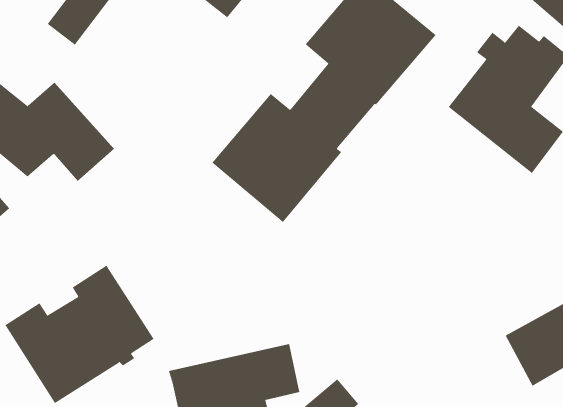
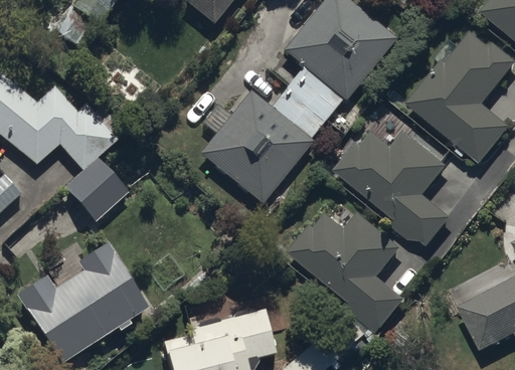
building: none -> [333,128,452,246]
building: none -> [65,153,135,222]
building: none -> [288,209,408,331]

